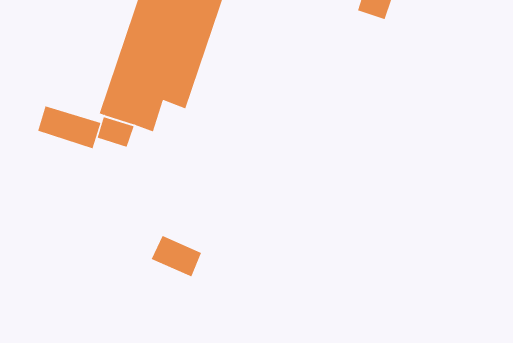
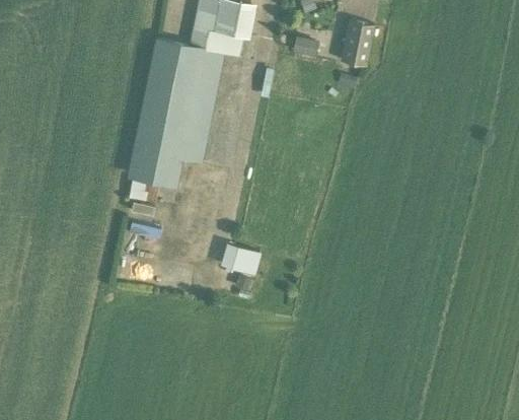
building: [37,106,101,149] -> none
building: [151,235,202,277] -> [216,242,260,276]

